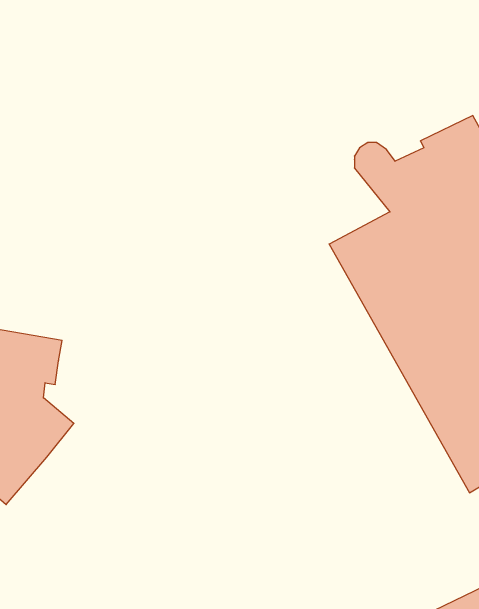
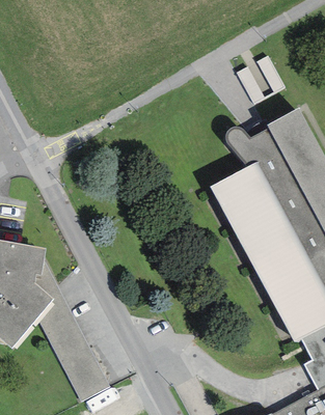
building: none -> [34,260,108,404]

